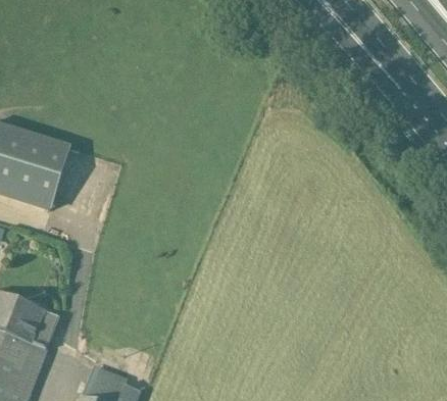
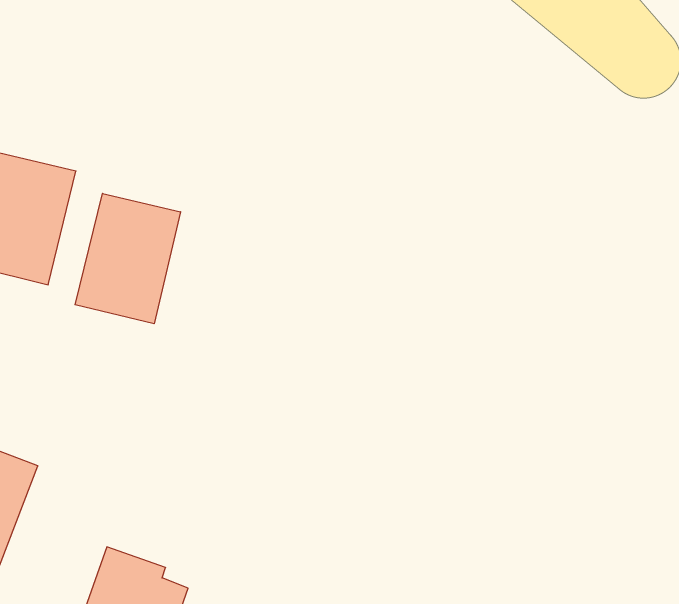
building: none -> [75,193,181,324]

